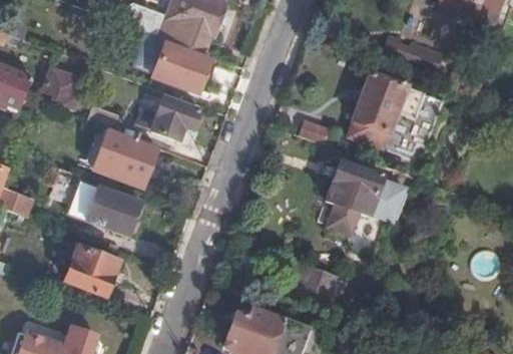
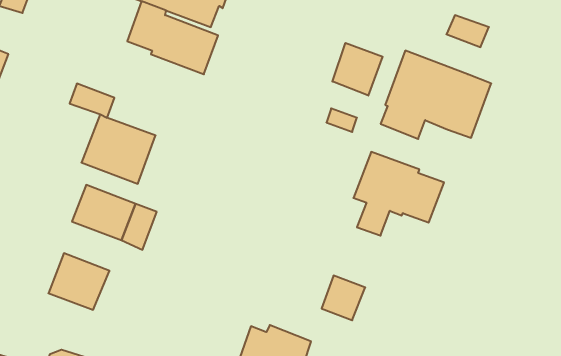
building: none -> [332,43,383,96]
building: [44,68,80,109] -> none
building: [141,98,199,140] -> none

